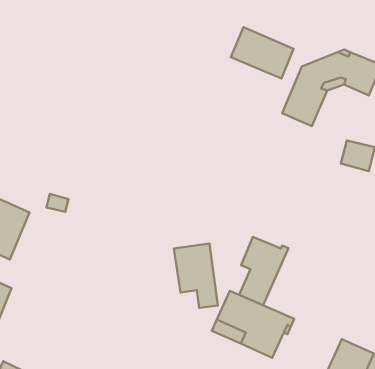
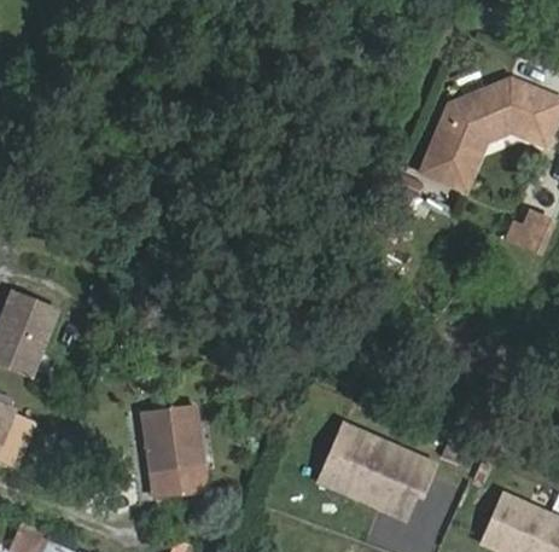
building: [231,27,294,78] -> none
building: [239,237,289,305] -> none
building: [174,243,218,308] -> [142,405,205,496]

